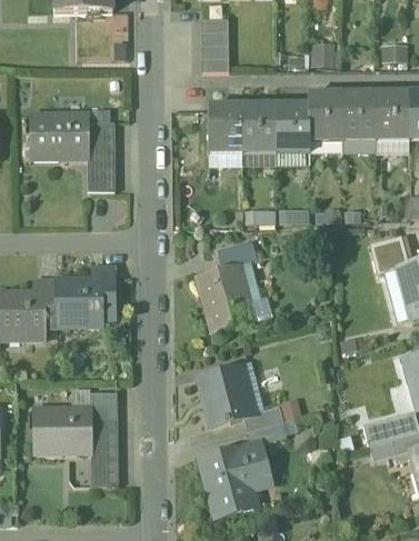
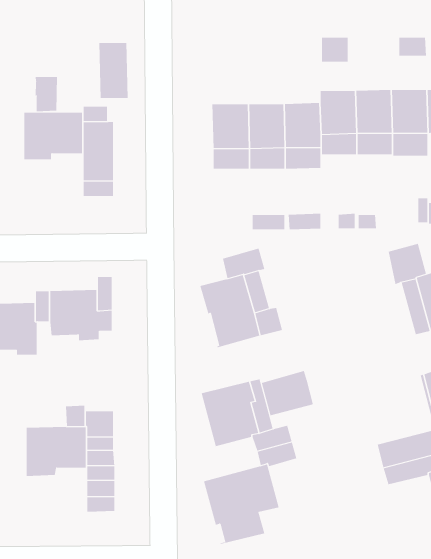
building: [200,18,228,70] -> [99,43,128,98]
building: none -> [35,76,57,112]
building: none -> [261,370,313,416]

